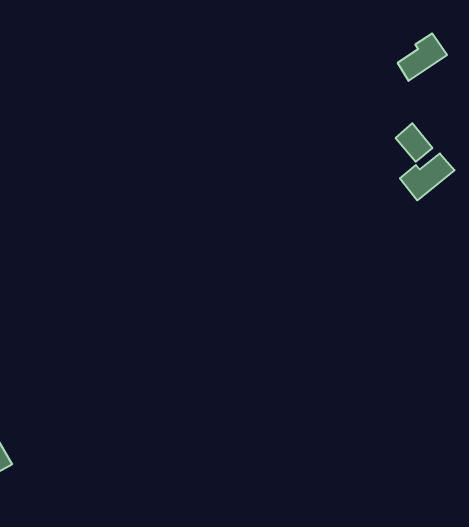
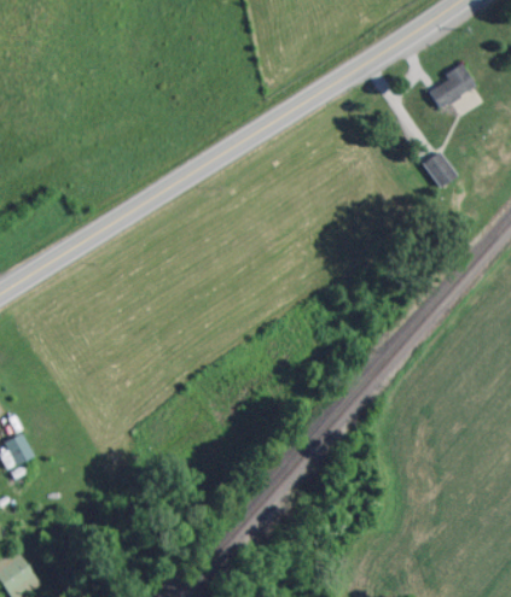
building: [400,153,455,200] -> none

